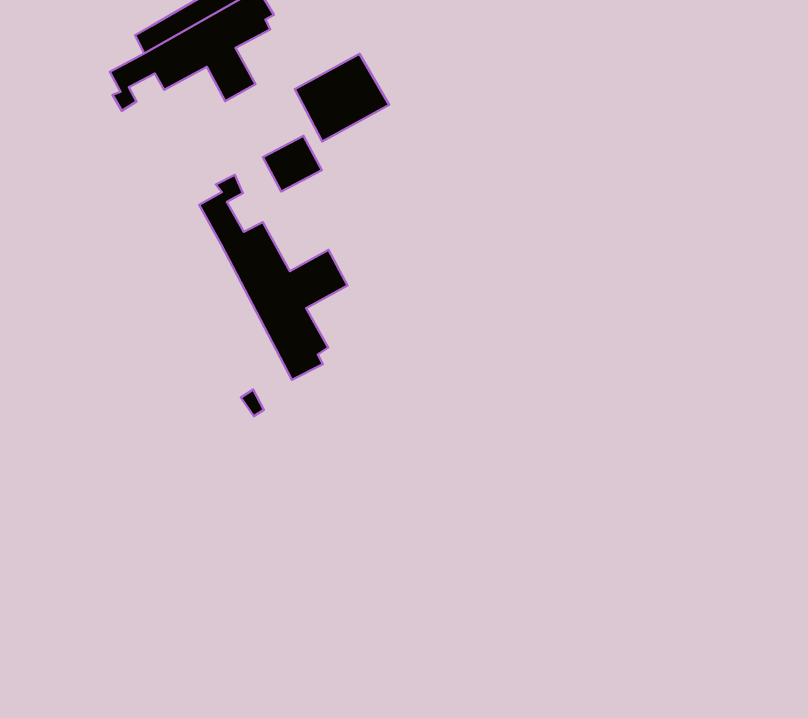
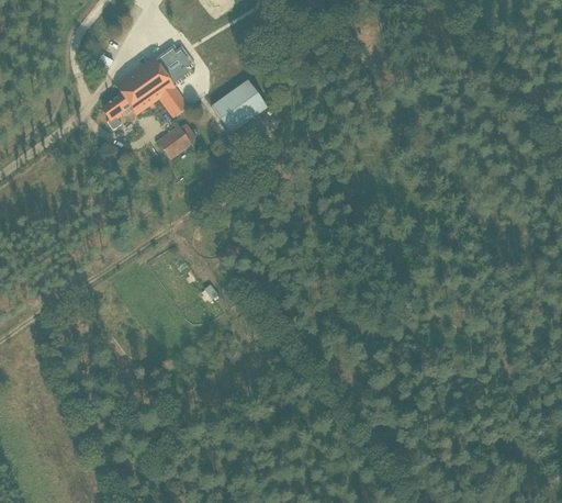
building: [263,136,322,192] -> [156,126,191,160]
building: [199,175,348,380] -> none

